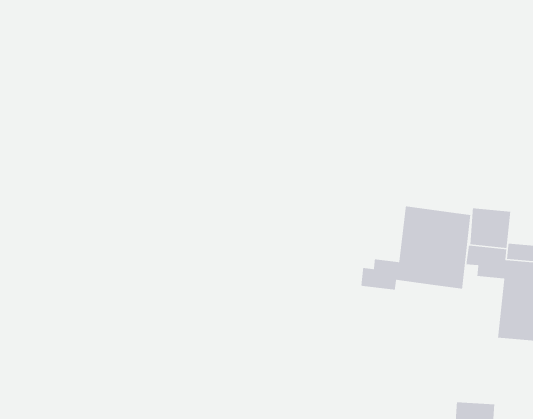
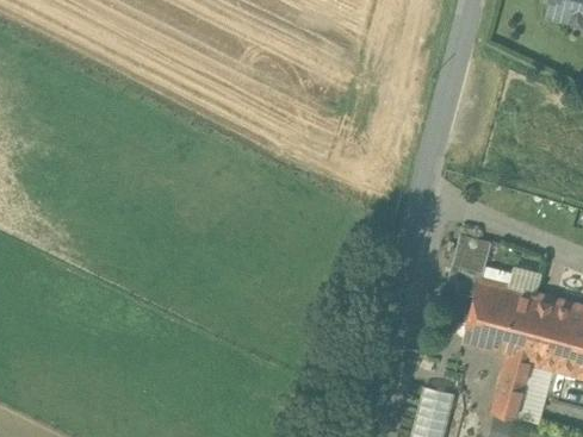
building: [361,205,471,290] -> none

